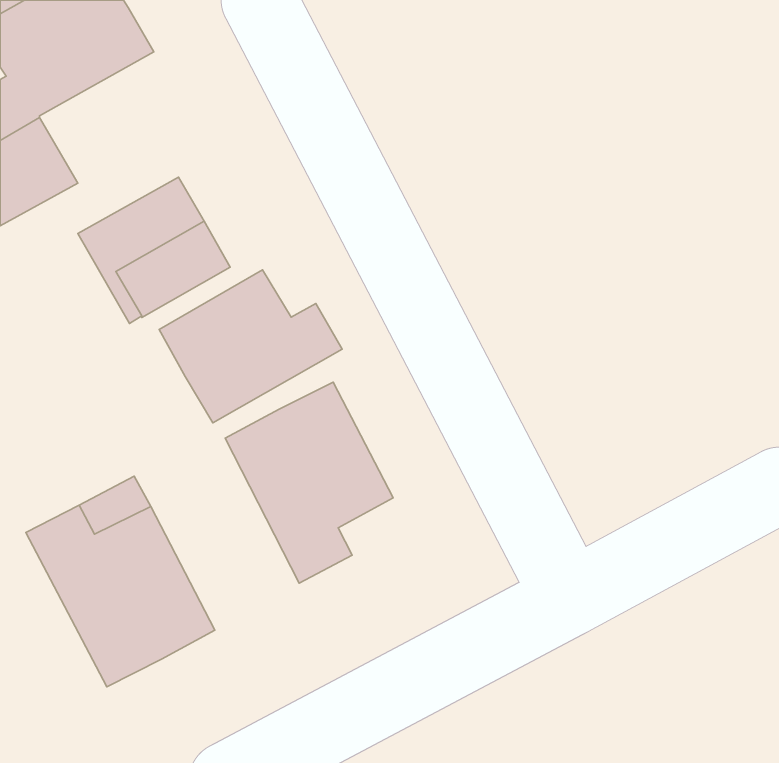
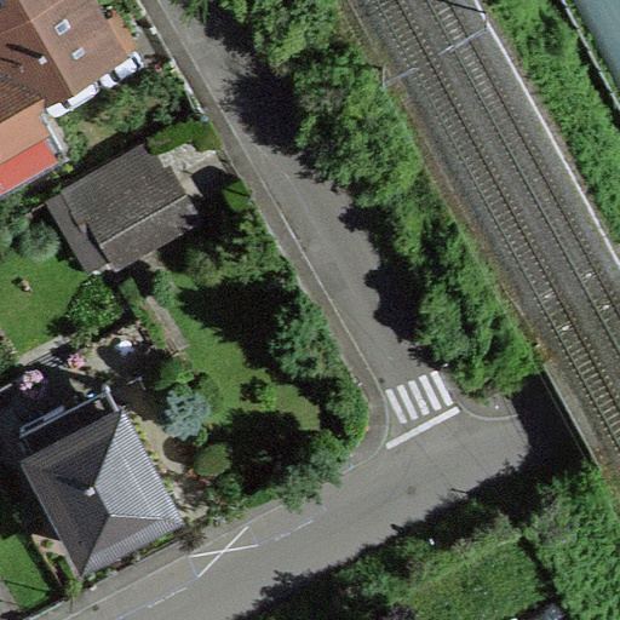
building: [159,270,342,423] -> none
building: [225,382,393,583] -> none

